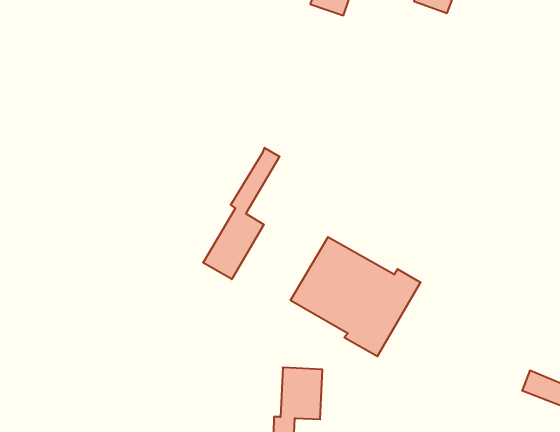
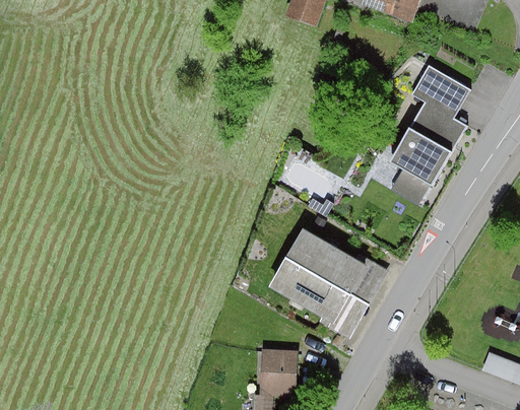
building: none -> [389,65,470,204]
building: [203,148,280,279] -> none

